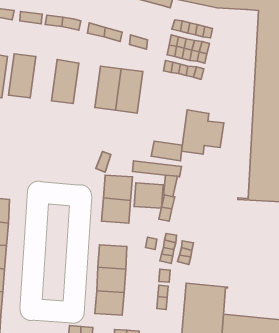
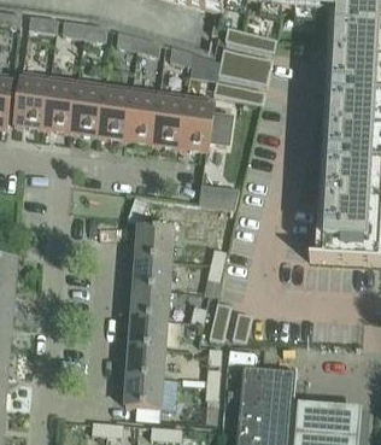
building: none -> [41,74,76,130]
building: none -> [96,82,131,139]
building: [182,110,224,154] -> [178,93,233,150]
building: [134,183,163,208] -> [130,285,168,317]

